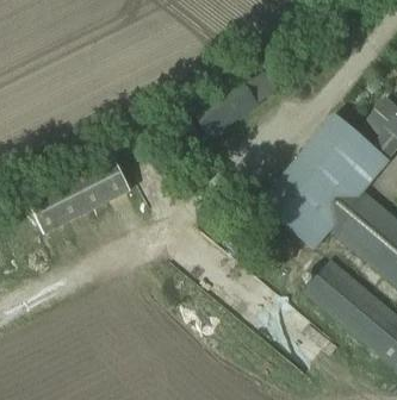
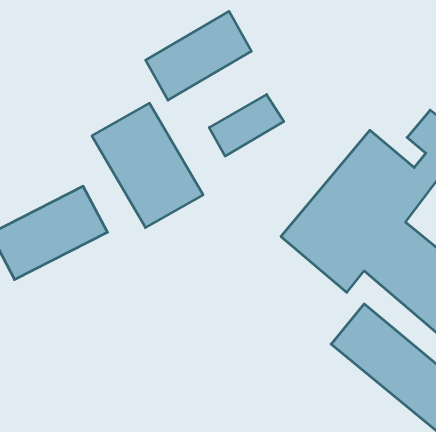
building: none -> [146,11,251,100]
building: none -> [92,103,203,228]

